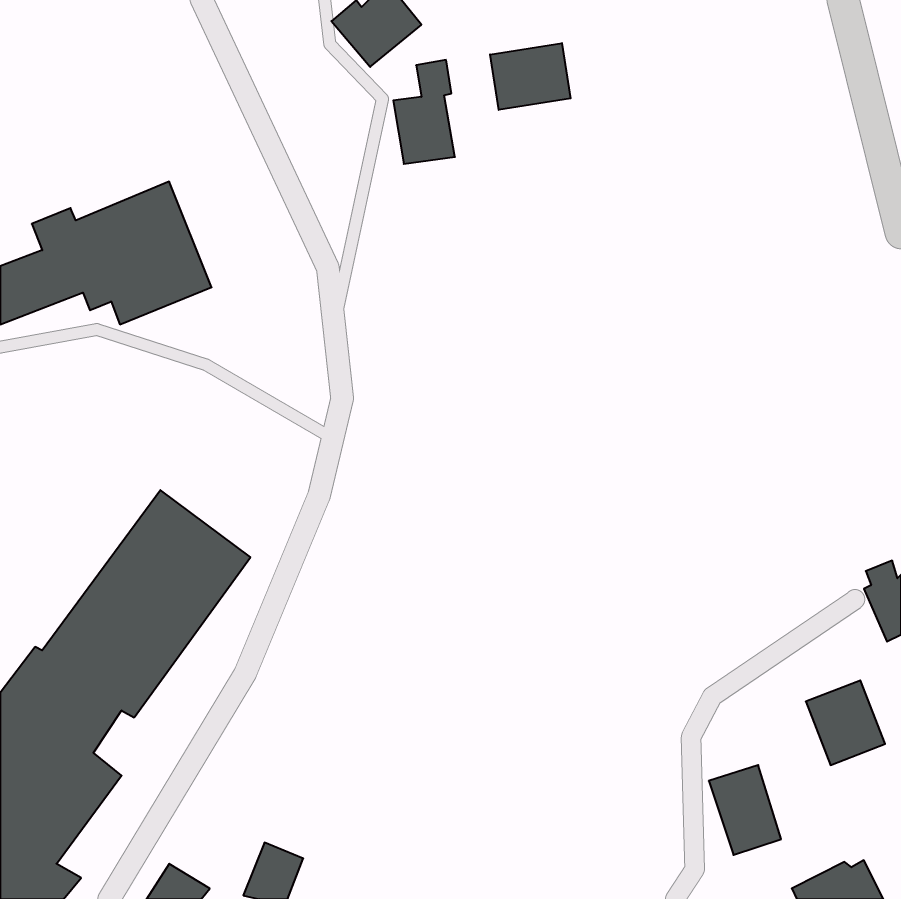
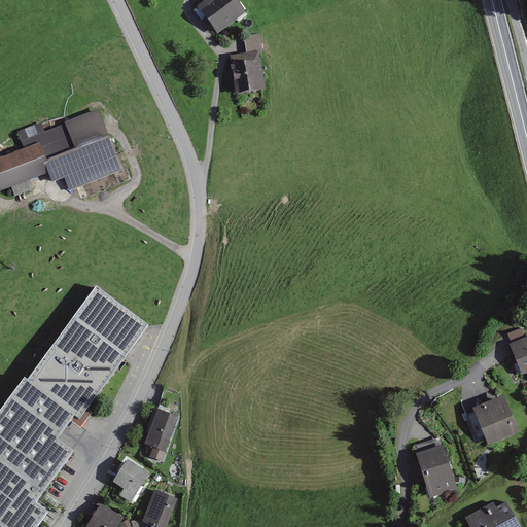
building: [490,43,571,110] -> none
building: none -> [144,411,176,462]
building: none -> [109,459,150,504]

